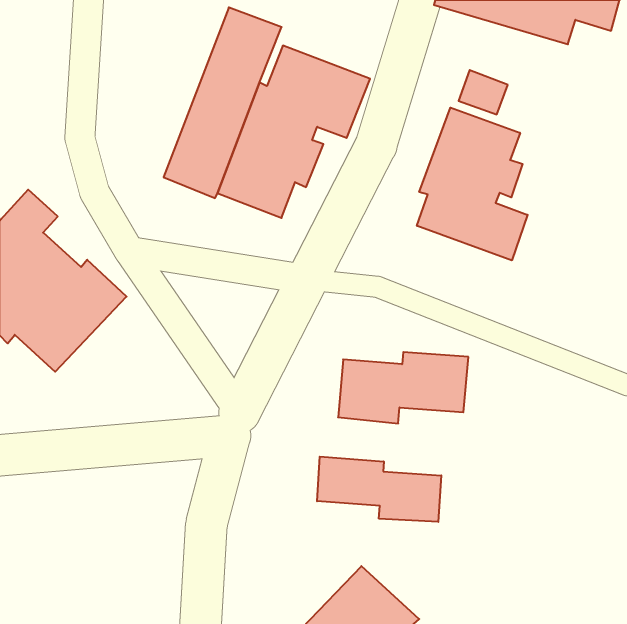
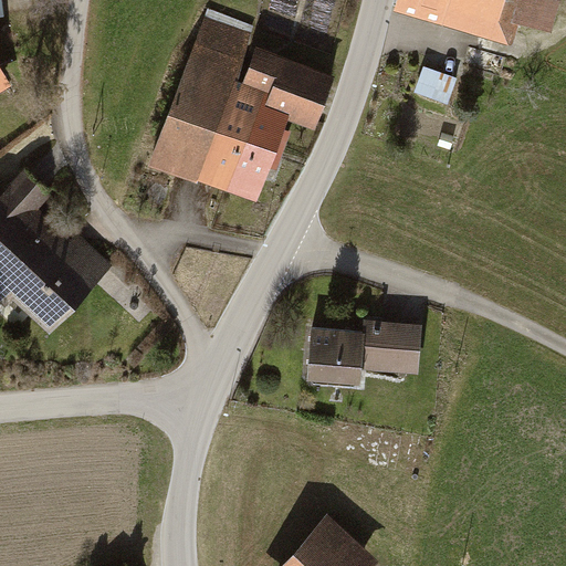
building: [417,108,528,260] -> none
building: [317,457,441,522] -> none

